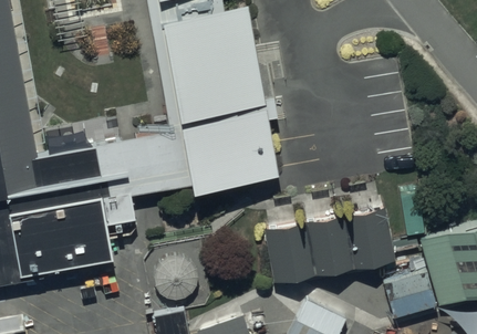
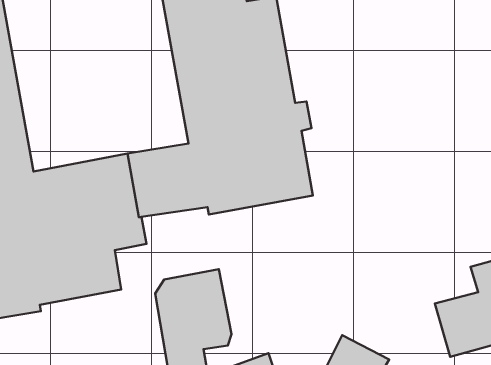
building: [263,209,394,284] -> none

